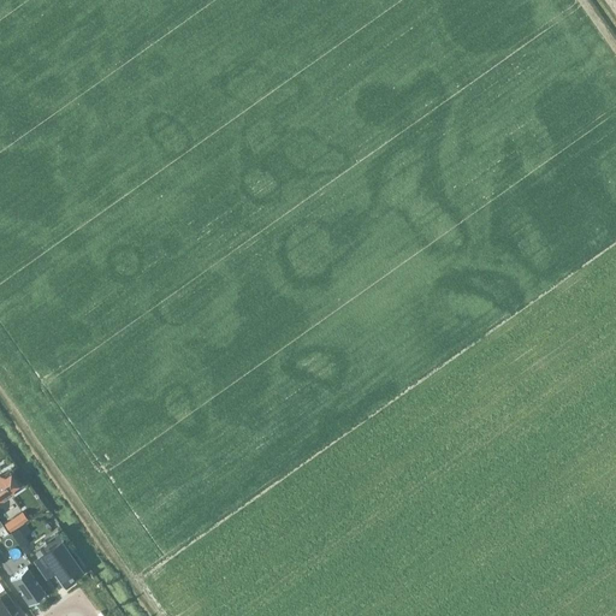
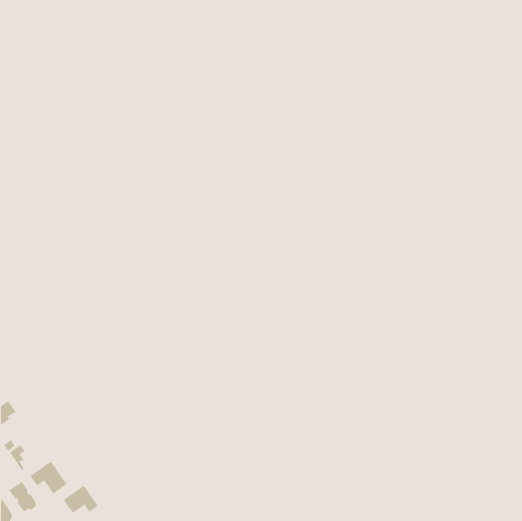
building: none -> [63,485,99,514]

